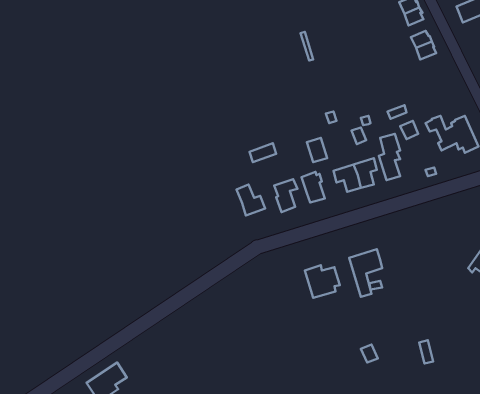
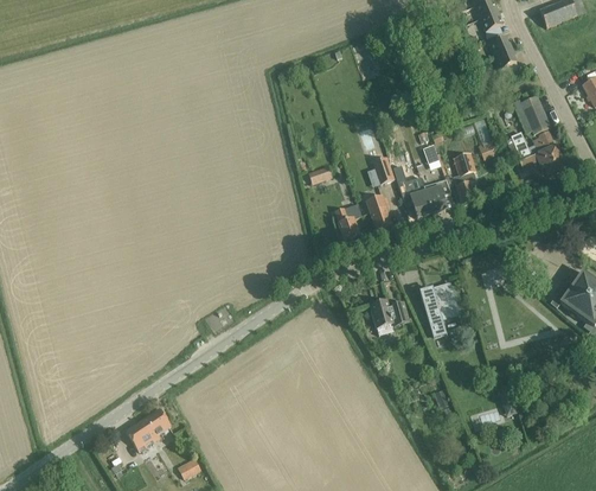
building: none -> [513,95,551,135]
building: [237,184,265,215] -> none

